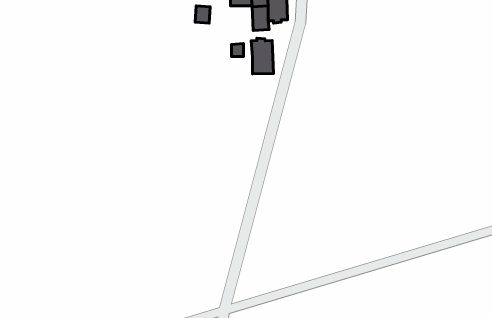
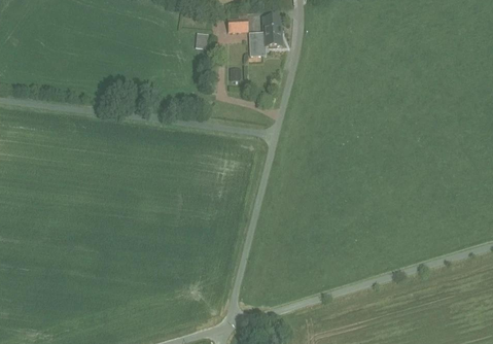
building: [251,38,274,74] -> none

